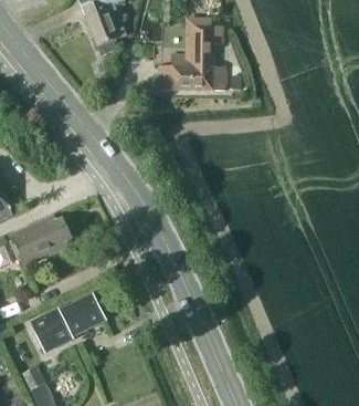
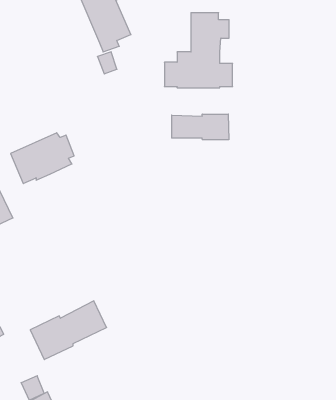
building: none -> [172,114,229,140]
building: [9,216,70,264] -> [11,133,74,184]

